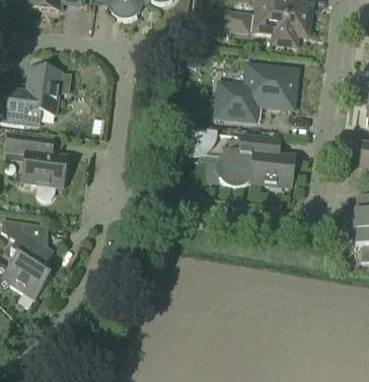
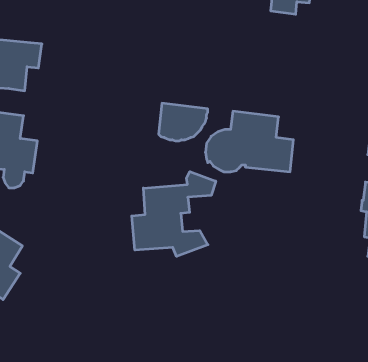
building: [218,63,296,117] -> none
building: none -> [132,172,216,256]

